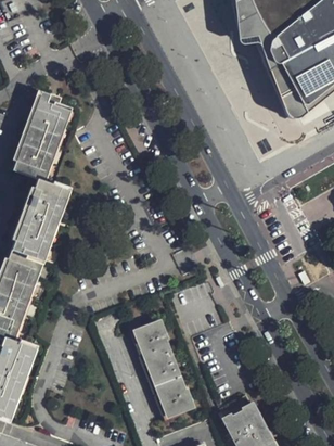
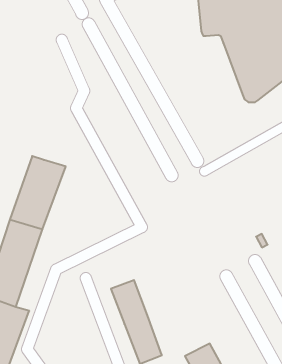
building: [14,88,85,182] -> none

